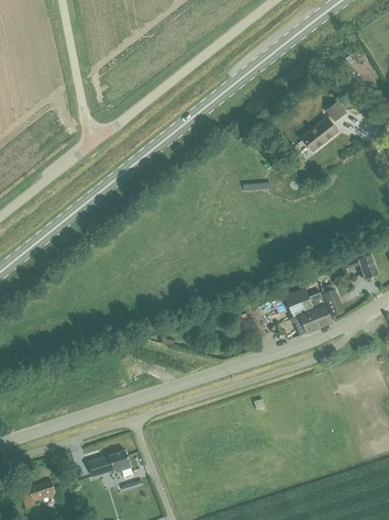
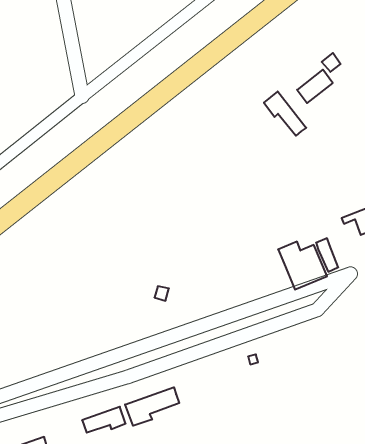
building: none -> [264,91,306,136]
building: none -> [125,387,179,426]

